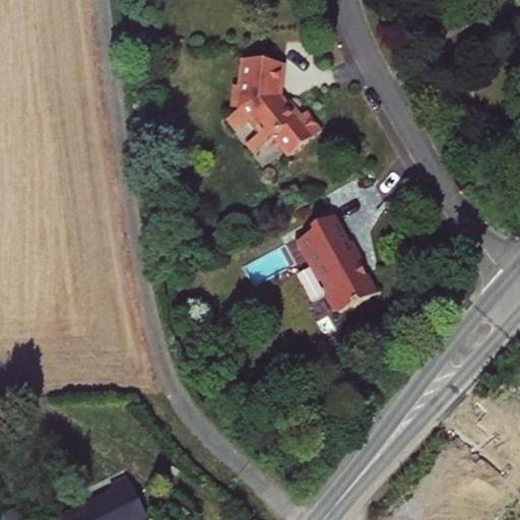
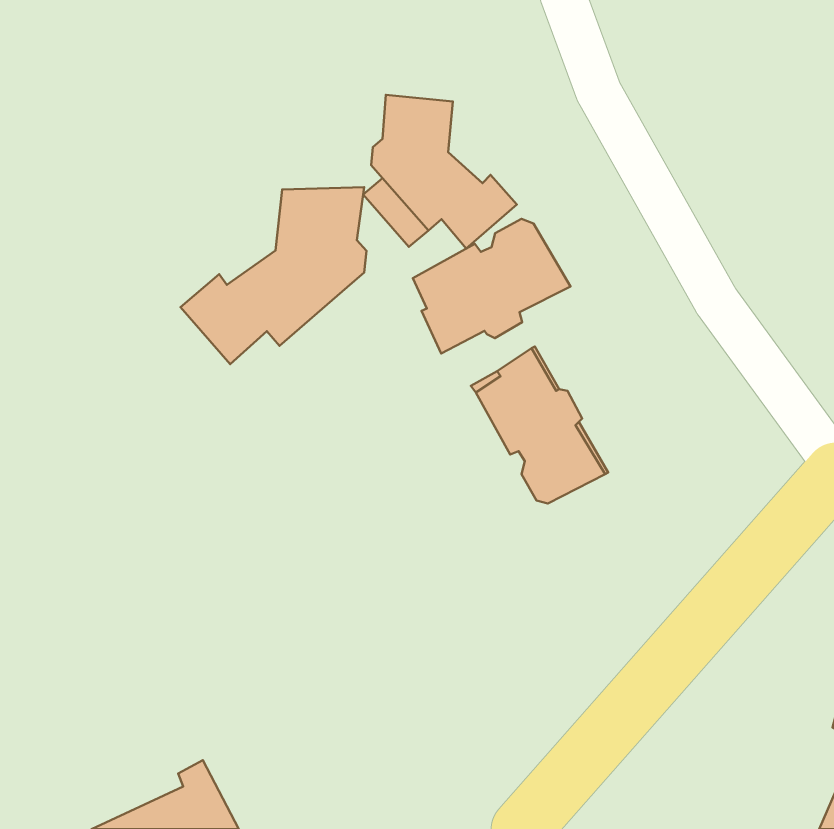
building: none -> [180,187,367,364]
building: none -> [413,219,571,354]

